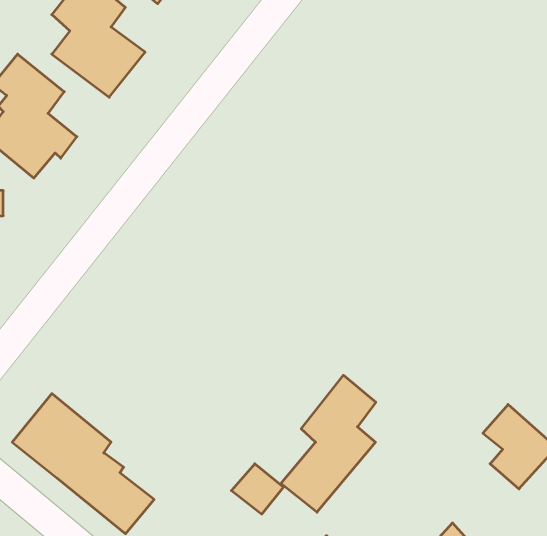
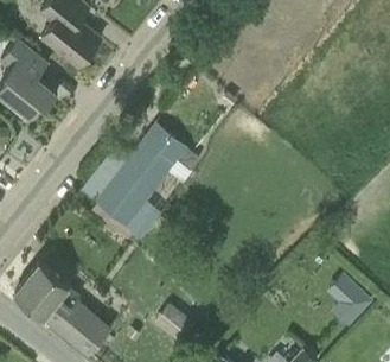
building: none -> [81,126,199,239]
building: [281,375,376,512] -> none

